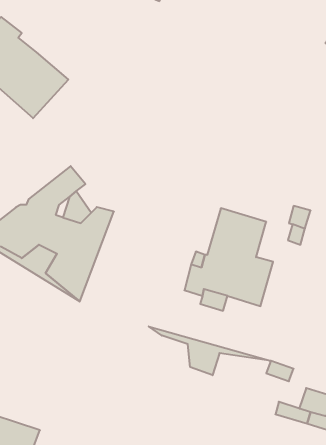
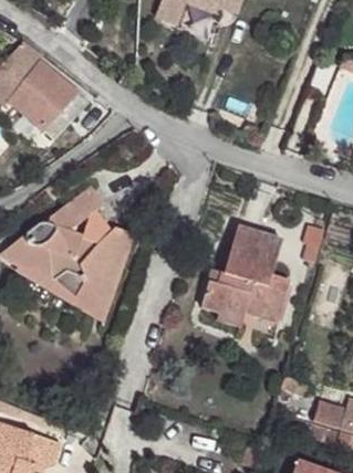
building: [149,326,271,375] -> none

